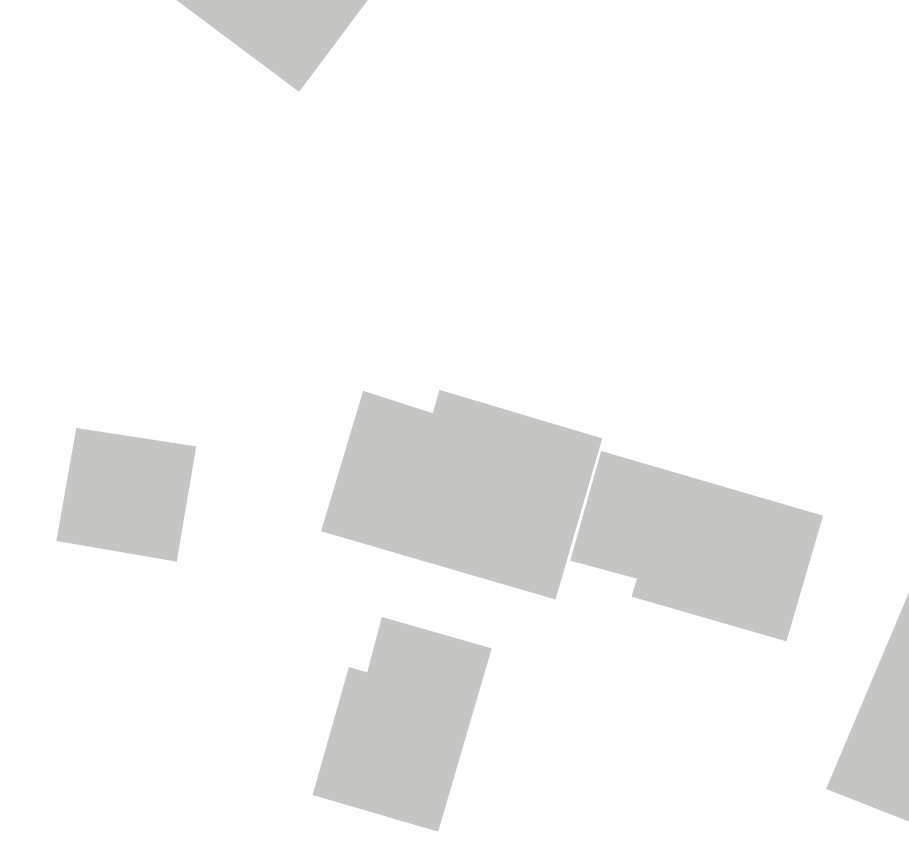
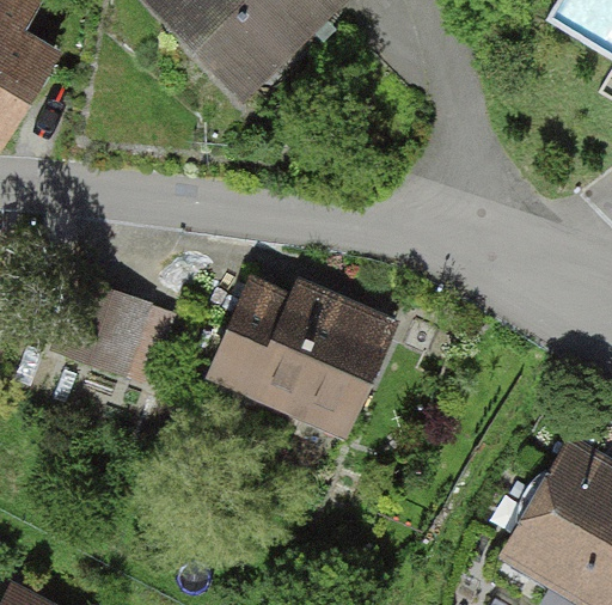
building: [569,450,824,642] -> none
building: [312,616,492,833] -> none

